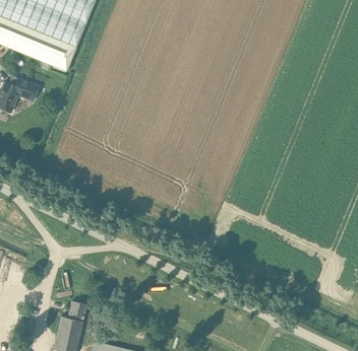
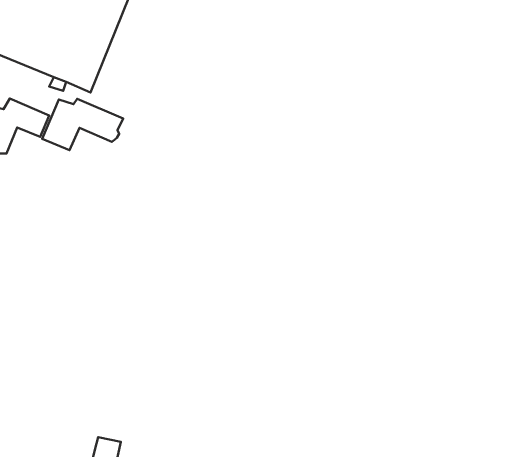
building: none -> [42,99,123,150]

